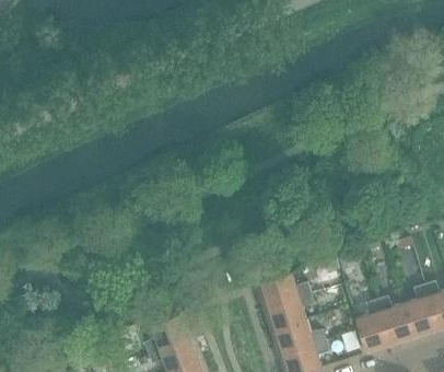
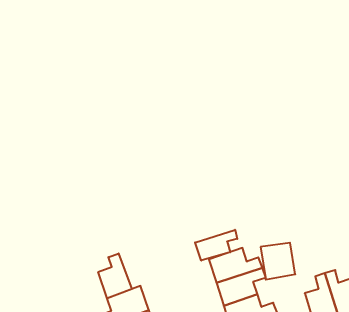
building: none -> [195,230,237,261]
building: none -> [98,253,132,298]

